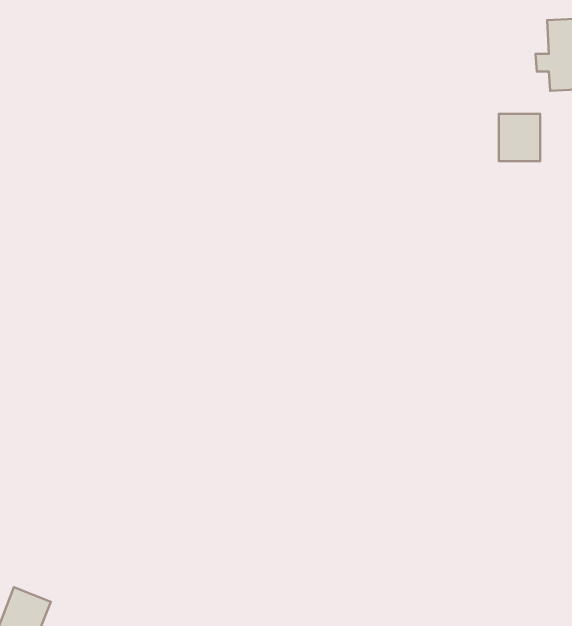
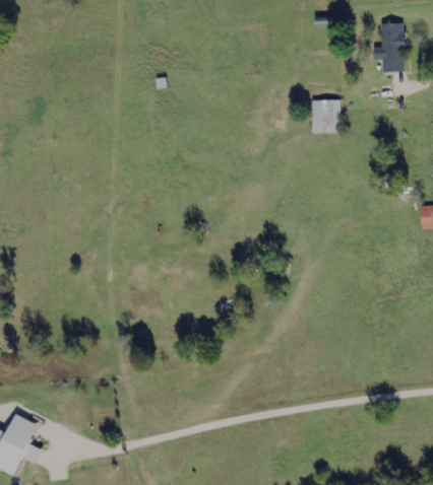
building: [499,114,540,161] -> [311,99,339,132]

